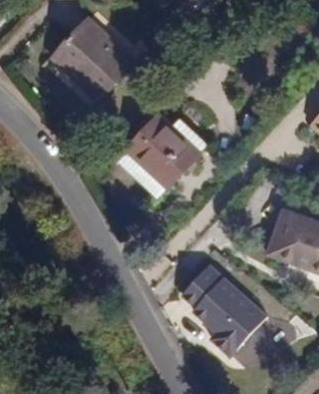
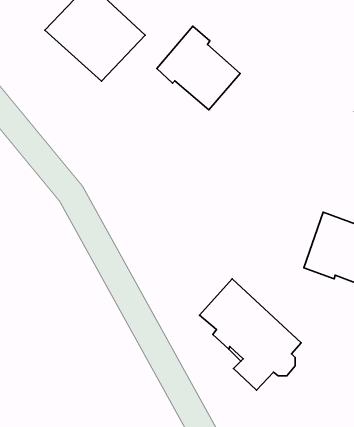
building: [128,113,198,182] -> [157,26,240,110]

